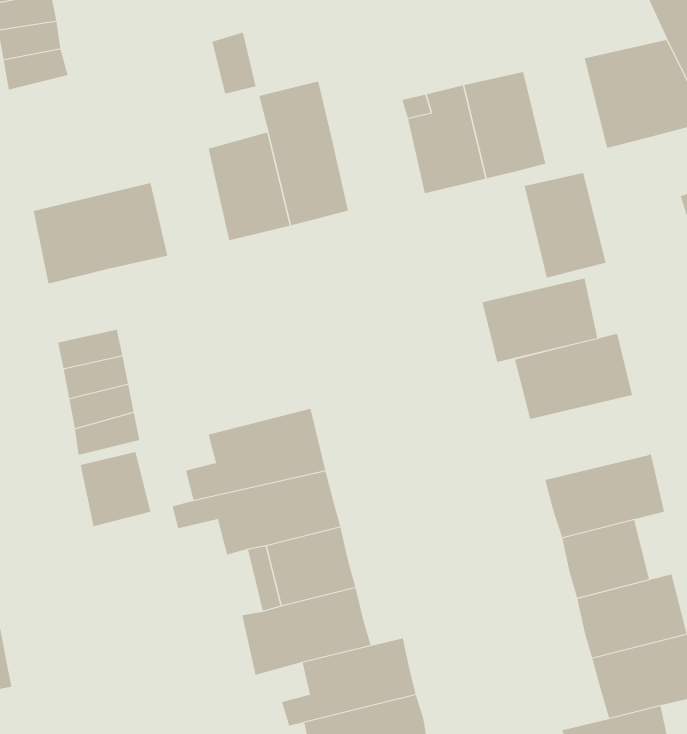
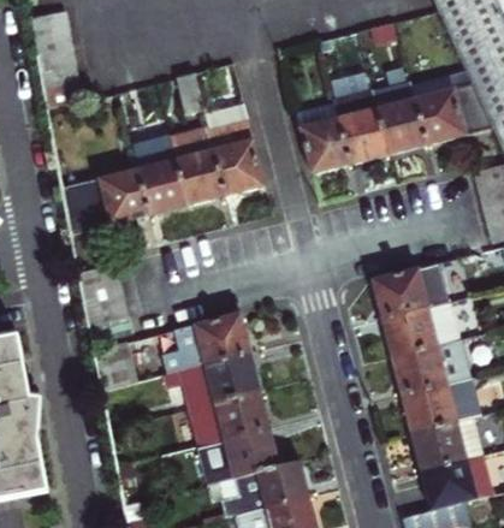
building: none -> [135,136,189,214]
building: [524,173,606,278] -> [378,88,431,155]
building: [482,278,598,362] -> [381,303,456,357]

